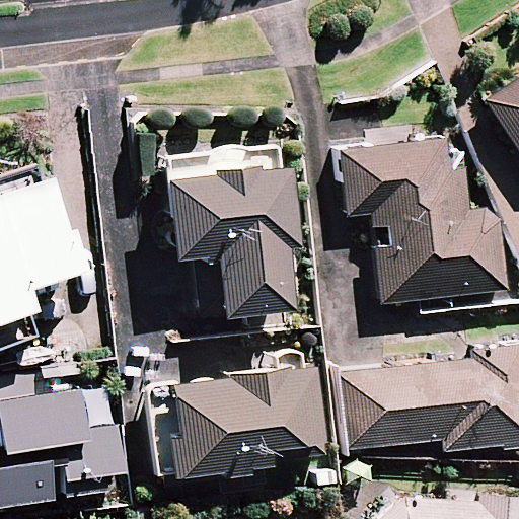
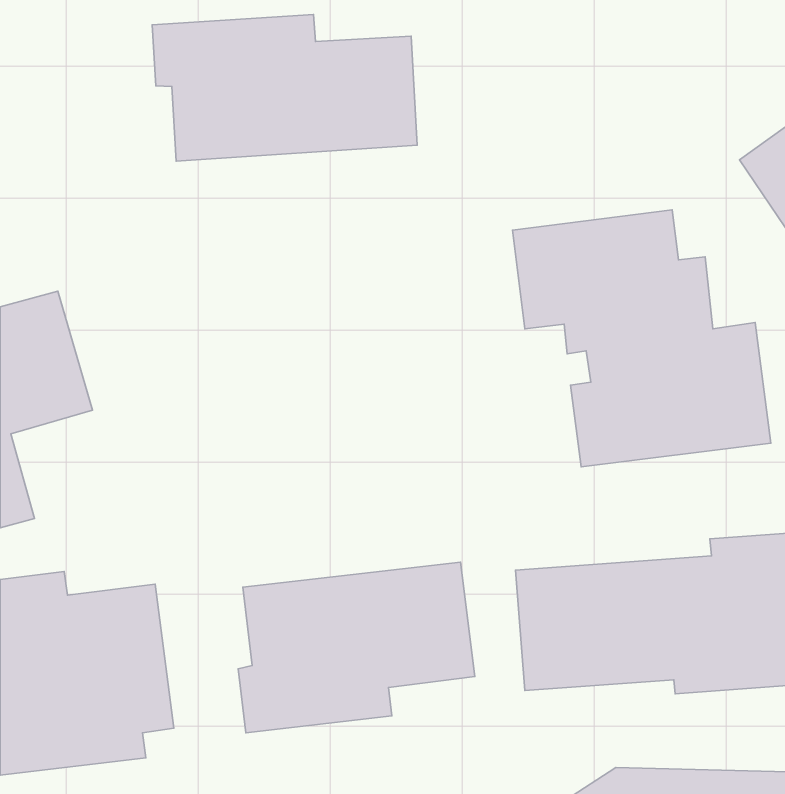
building: none -> [152,15,417,161]
building: [162,148,290,318] -> none

